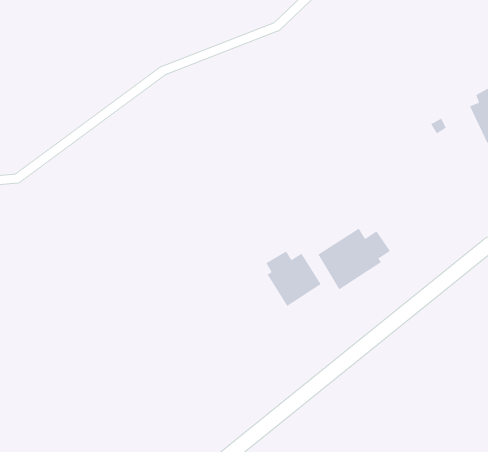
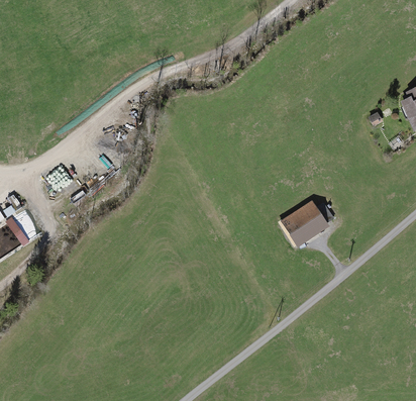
building: [265,250,321,307] -> none

